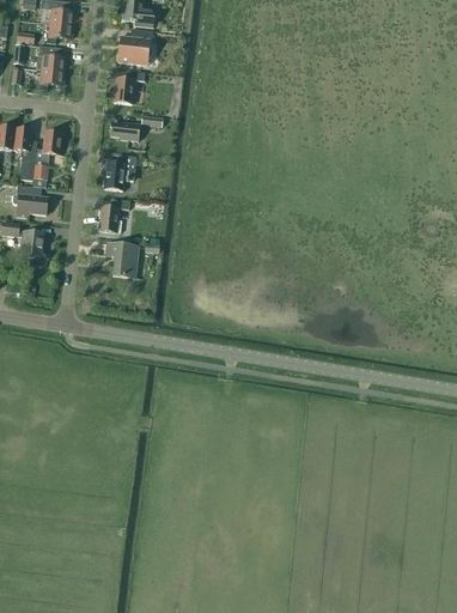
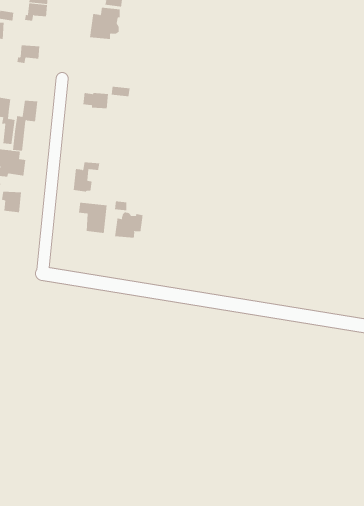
building: [35,45,63,71] -> none
building: [112,71,144,104] -> none
building: [103,154,135,190] -> none
building: none -> [115,211,143,239]

